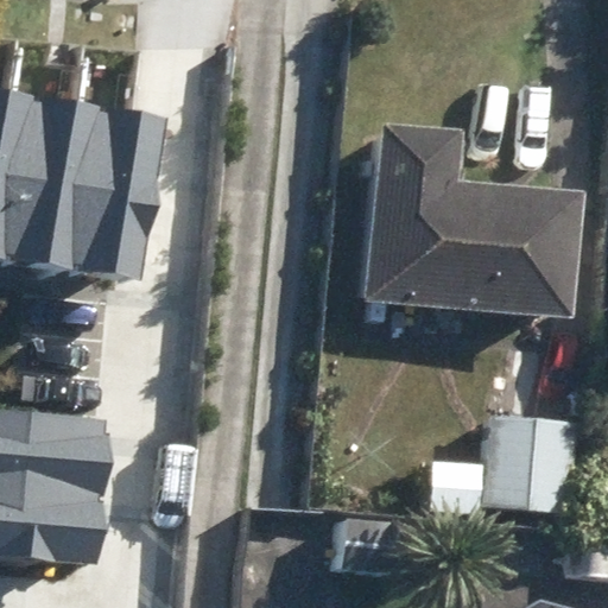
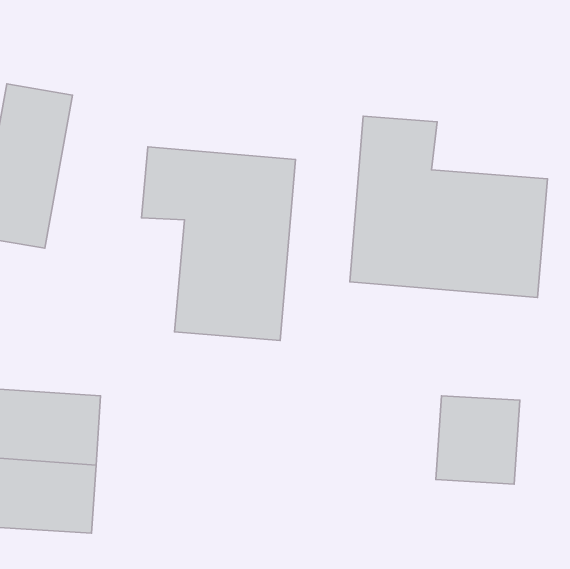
building: [48,101,162,279] -> none
building: none -> [141,147,295,340]

